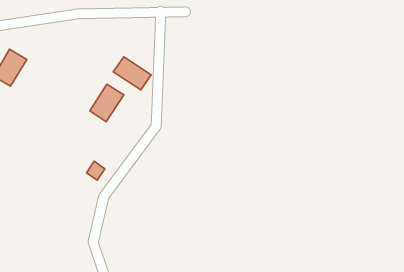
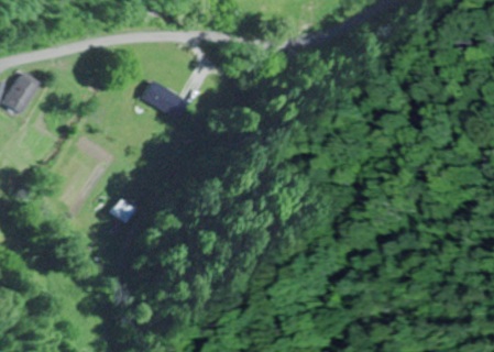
building: [90,84,124,122] -> none

